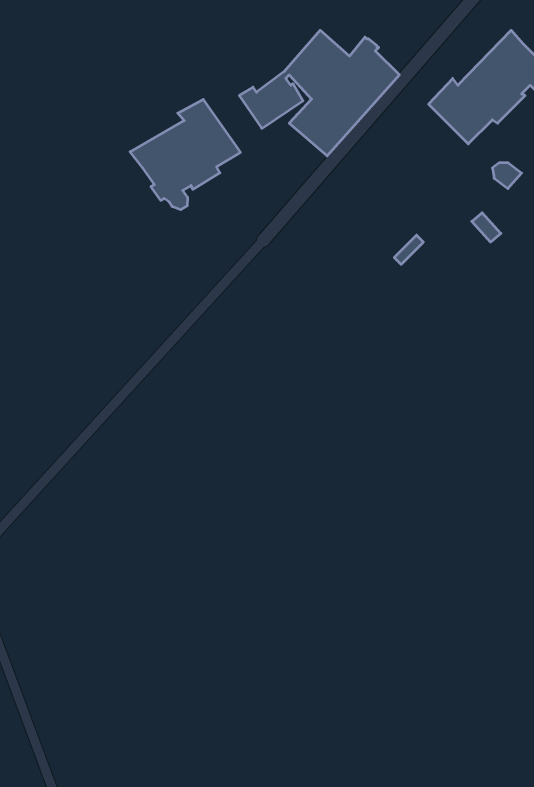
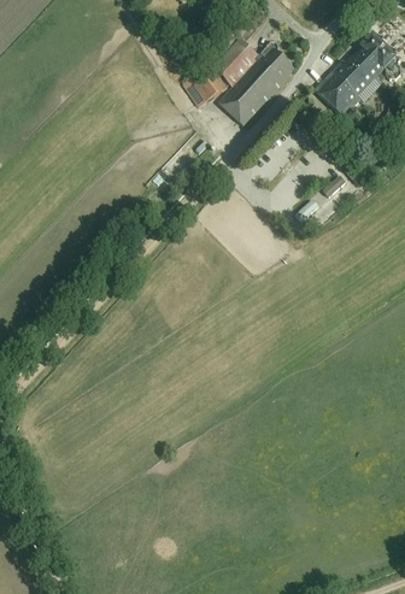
building: [130,99,240,210] -> none

